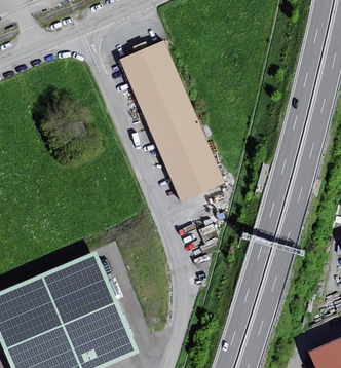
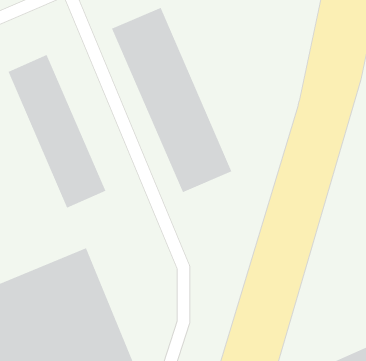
building: none -> [8,54,106,208]

